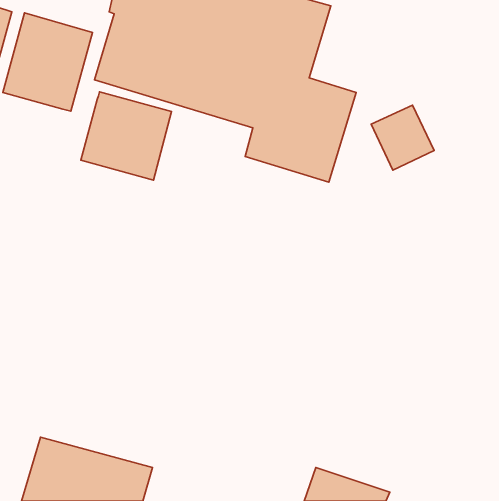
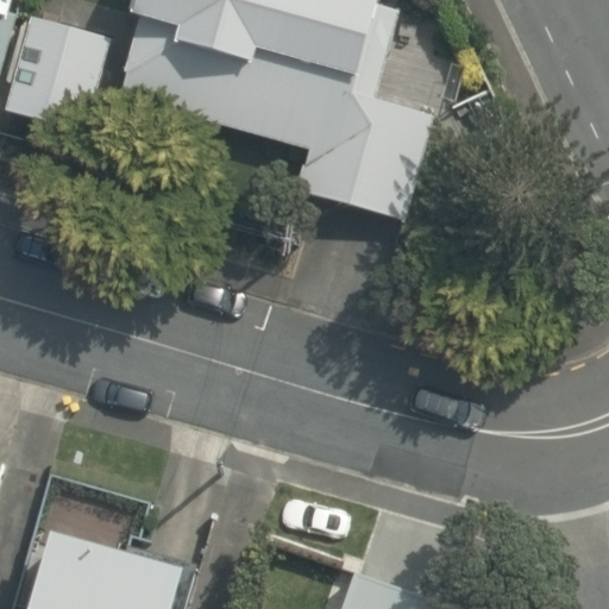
building: [81,92,171,180] -> none

